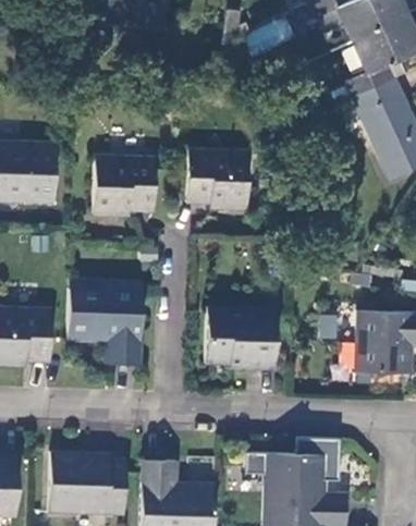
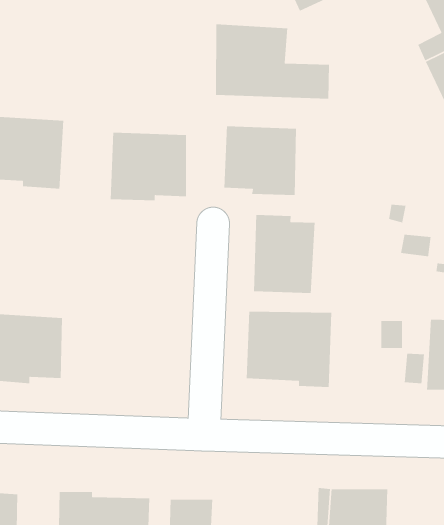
building: none -> [215,23,330,100]
building: none -> [253,214,316,294]
building: [68,280,143,364] -> none

